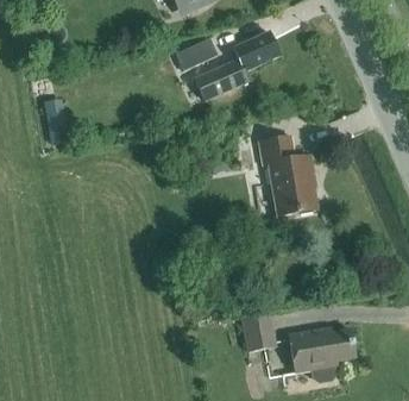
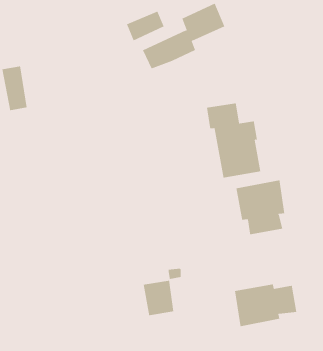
building: none -> [236,179,285,235]
building: [241,314,275,352] -> [143,280,174,316]

